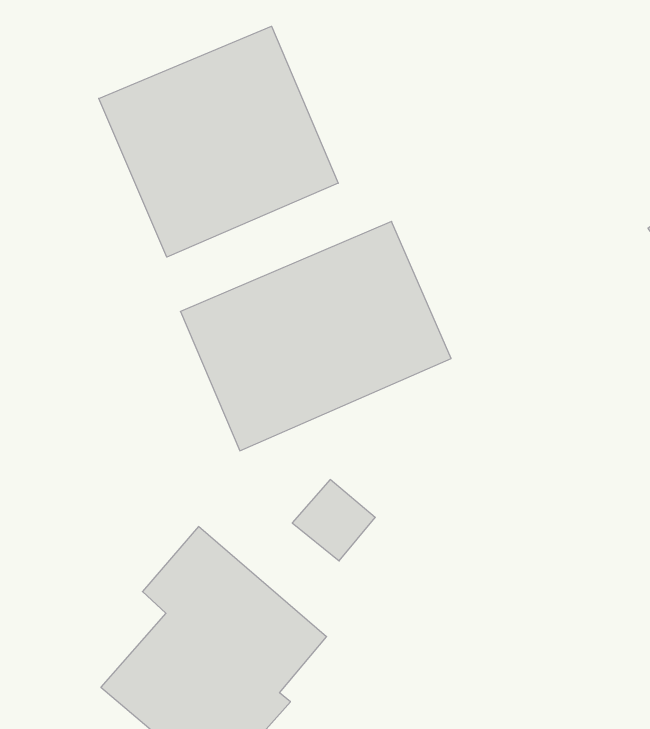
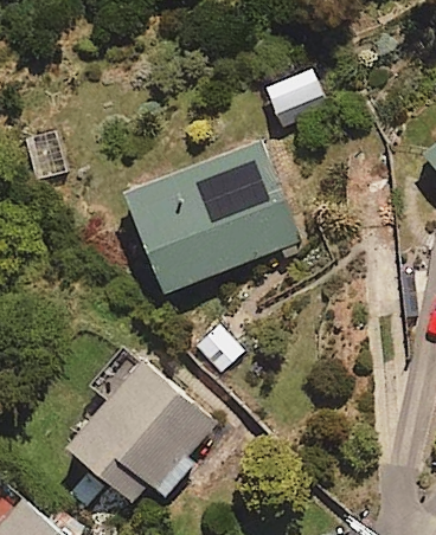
building: [99,26,338,257] -> none

